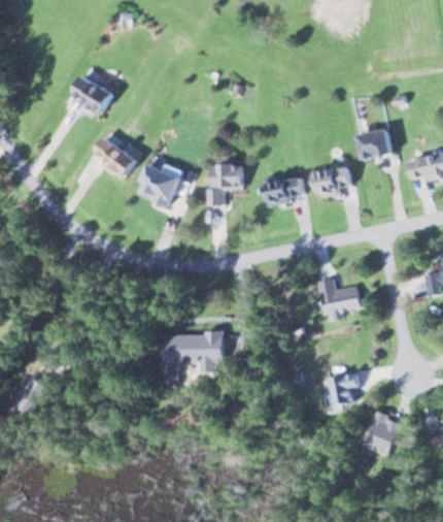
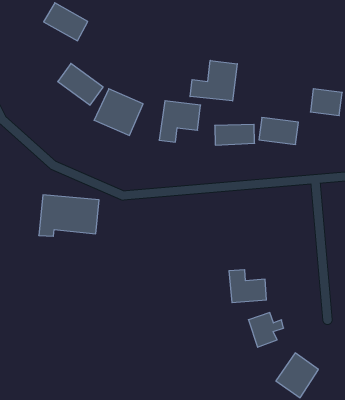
building: none -> [190,60,237,101]
building: [315,279,359,315] -> [229,270,266,303]
building: [162,331,223,377] -> [39,195,99,236]

